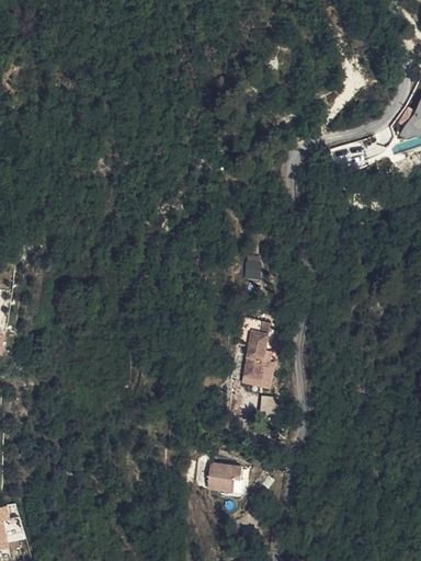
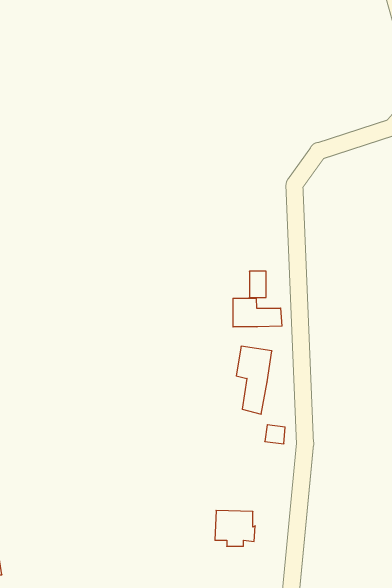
building: none -> [233,298,282,327]
building: [239,356,272,392] -> none

